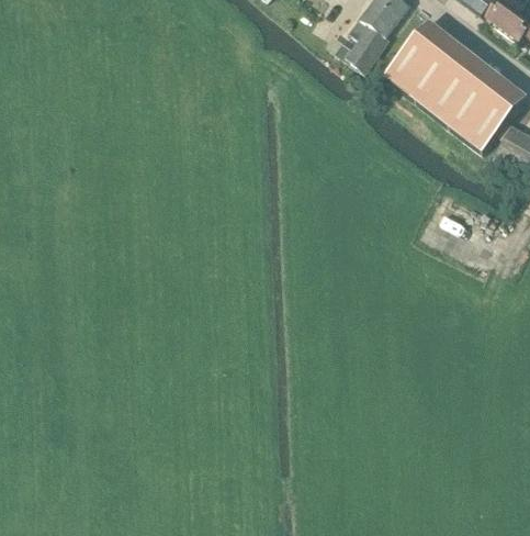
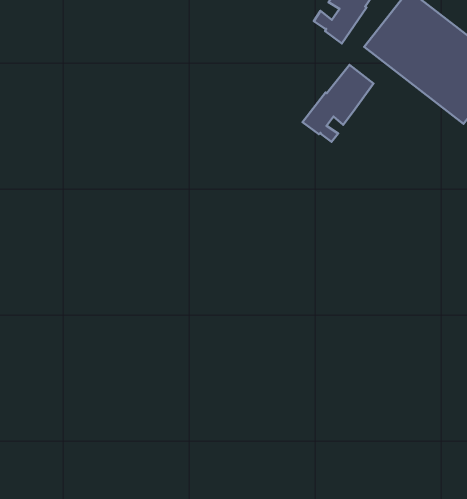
building: none -> [303,65,374,142]

